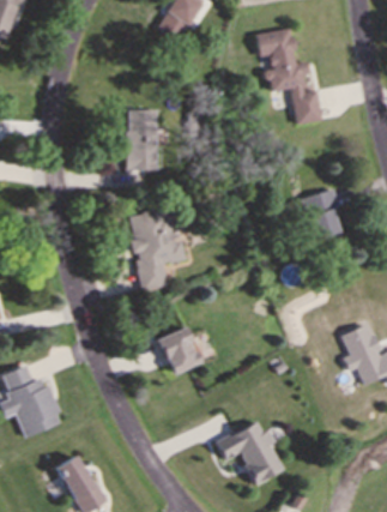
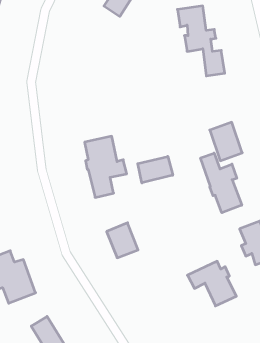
building: [127,109,159,170] -> none
building: none -> [201,153,242,213]
building: none -> [138,156,173,183]
building: [217,422,284,483] -> [187,261,236,306]

